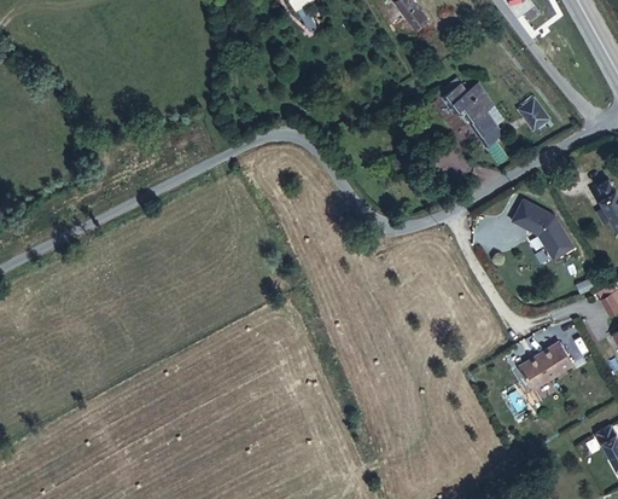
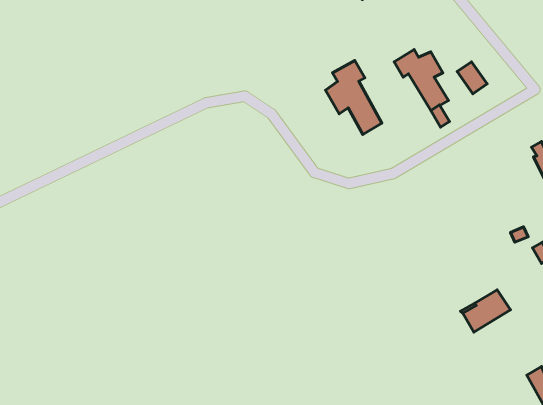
building: none -> [326,61,382,135]
building: [512,199,573,261] -> none

